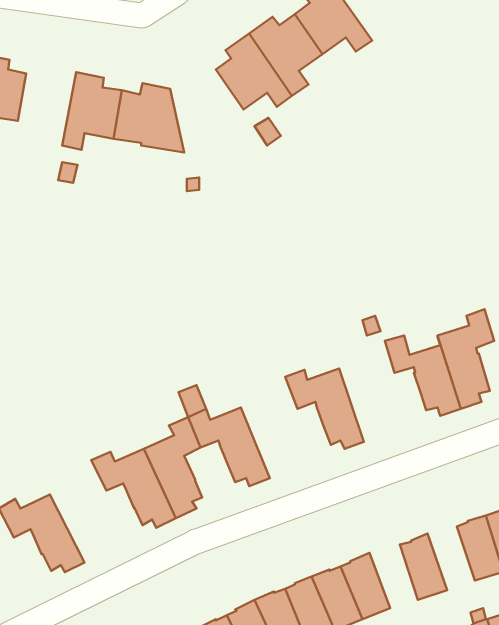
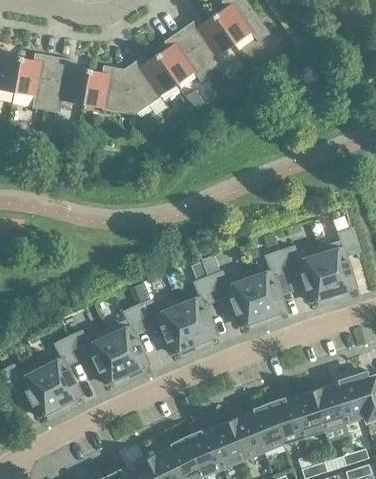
building: none -> [14,53,56,110]
building: none -> [124,55,177,115]
building: none -> [246,251,286,324]
building: none -> [175,261,216,350]
building: none -> [37,337,81,411]
building: none -> [310,385,344,431]
building: none -> [268,398,303,444]

